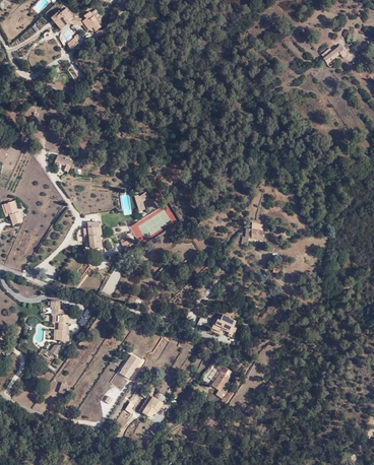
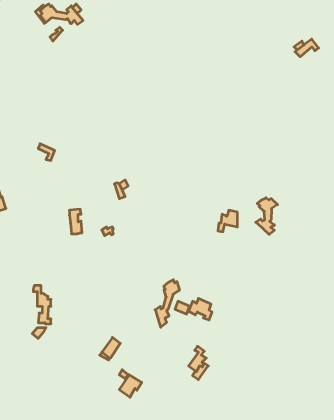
building: none -> [256,198,278,234]
building: none -> [155,280,179,327]

